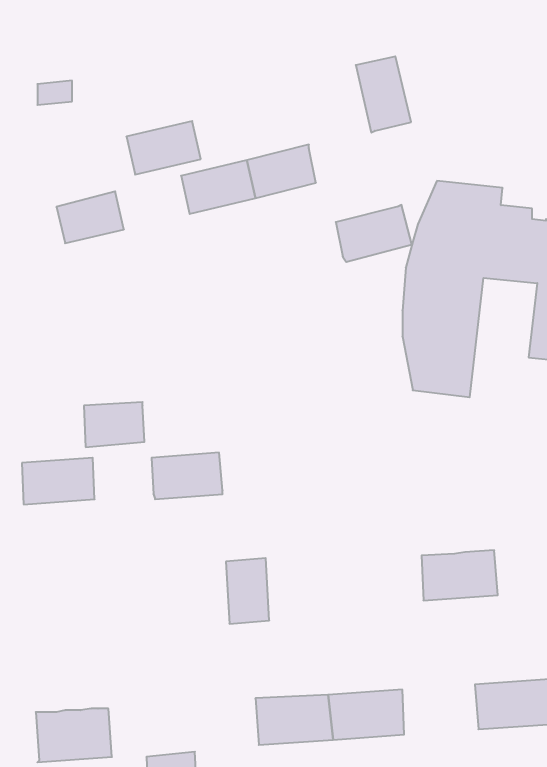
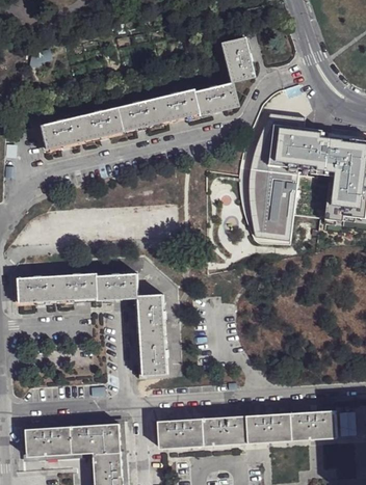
building: [126,121,201,175] -> [75,107,120,139]
building: [336,205,412,262] -> [191,80,237,114]
building: [84,402,144,447] -> [61,274,98,301]
building: none -> [139,294,165,339]
building: [422,550,498,600] -> [247,412,293,442]
building: none -> [71,424,123,456]

